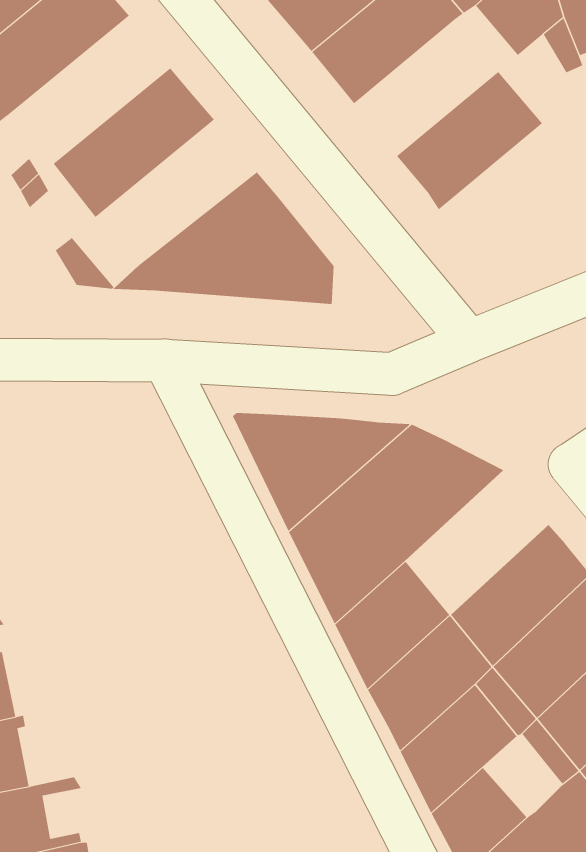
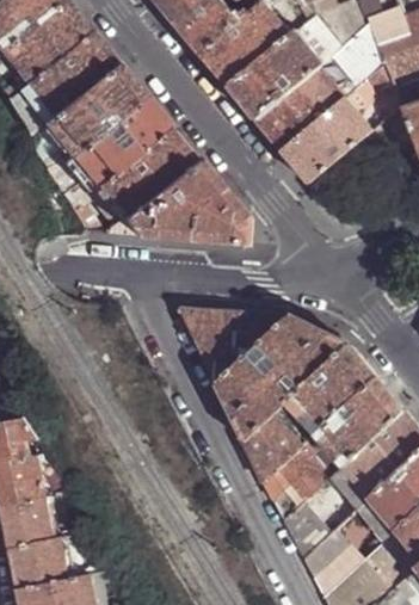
building: none -> [42,63,141,156]
building: none -> [254,66,344,150]
building: none -> [94,128,195,218]
building: none -> [286,345,375,434]

